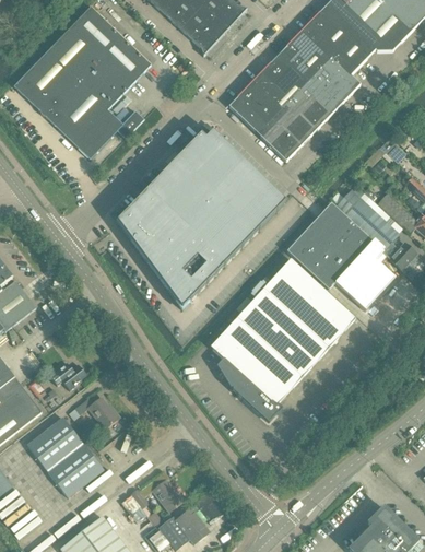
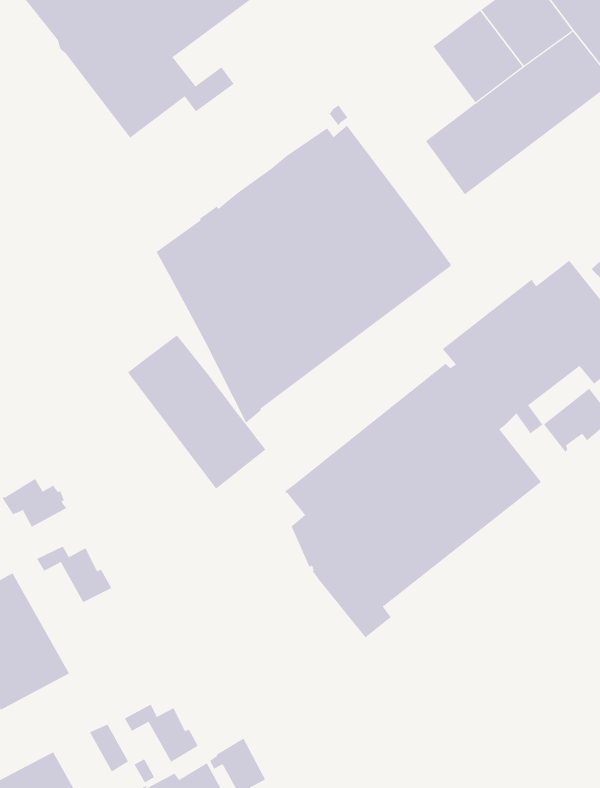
building: [228,79,283,133] -> none
building: none -> [127,335,266,489]

